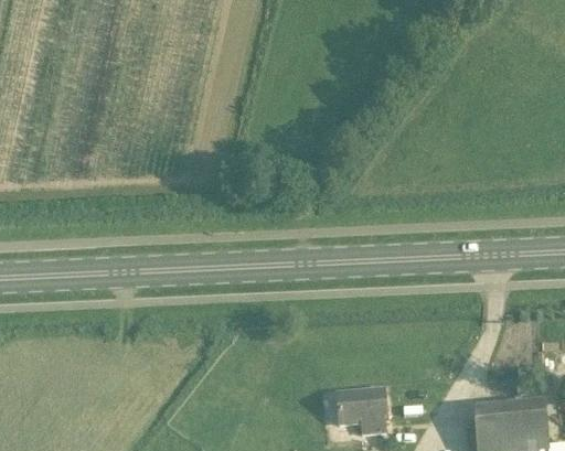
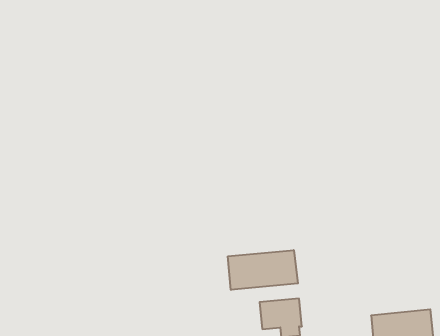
building: none -> [228,250,298,290]

